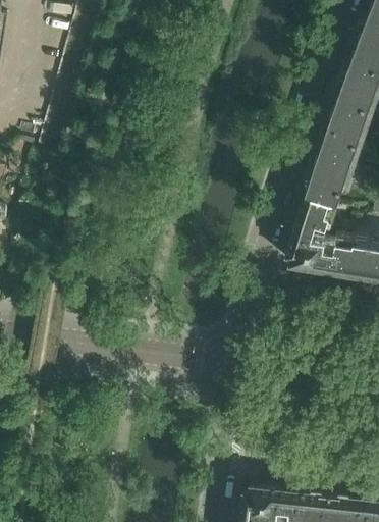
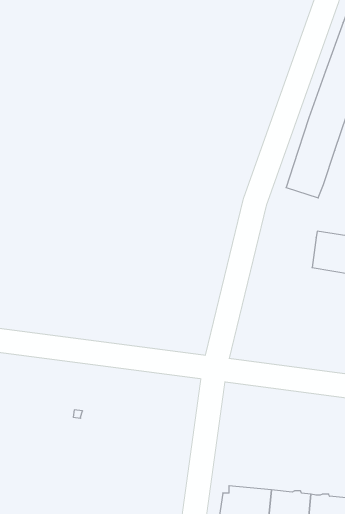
building: [286,196,337,274] -> none

